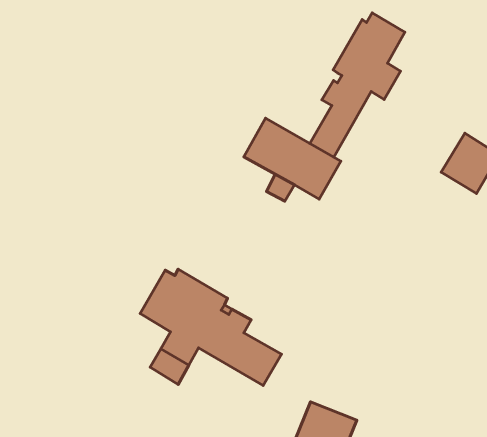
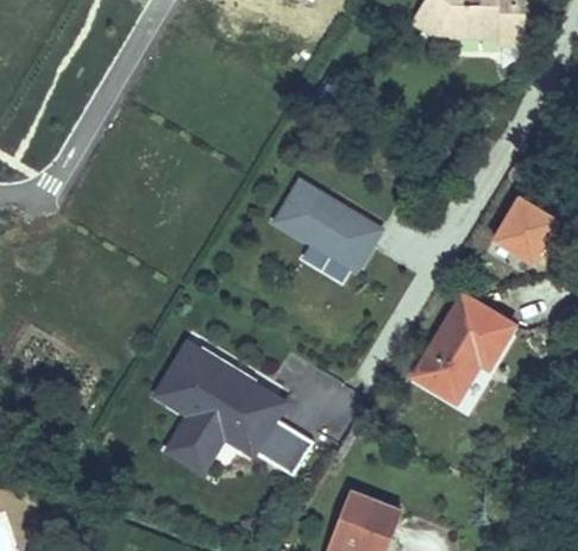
building: [310,13,405,157] -> none
building: none -> [411,295,511,402]

